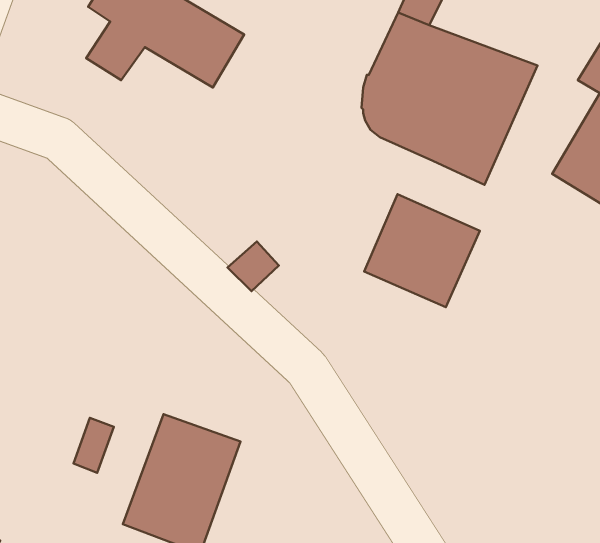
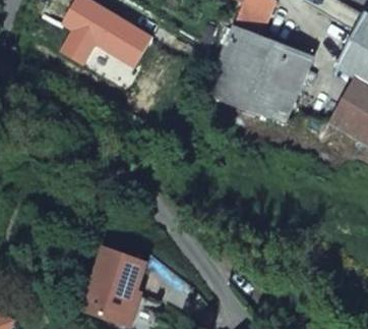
building: [364,194,480,307] -> none

